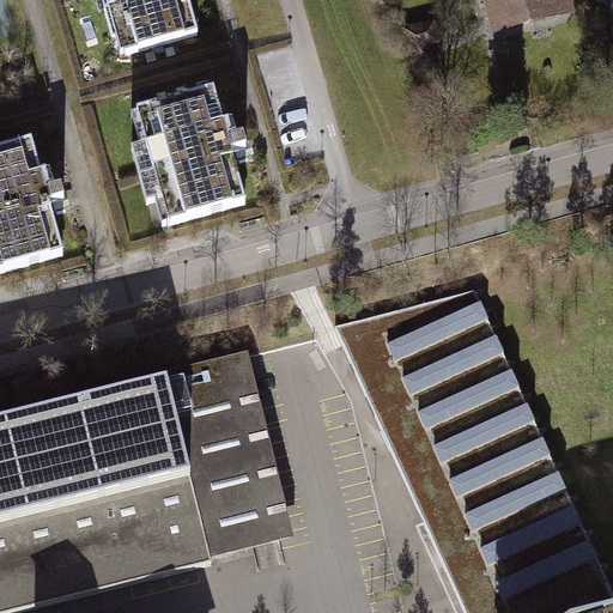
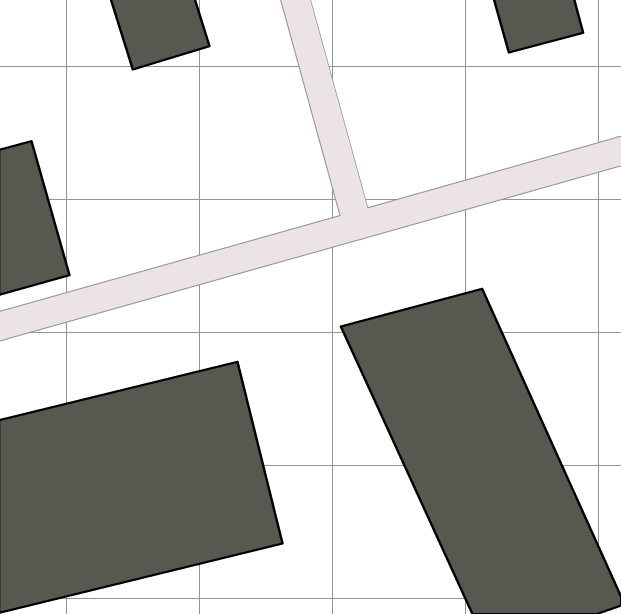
building: [131,87,250,242] -> none

